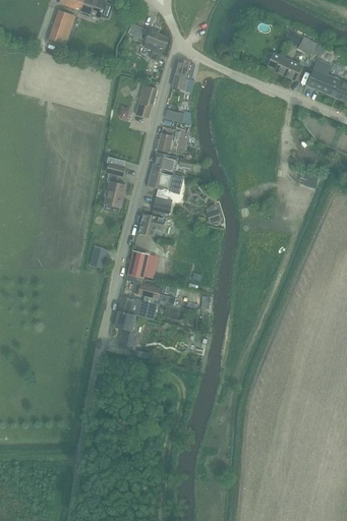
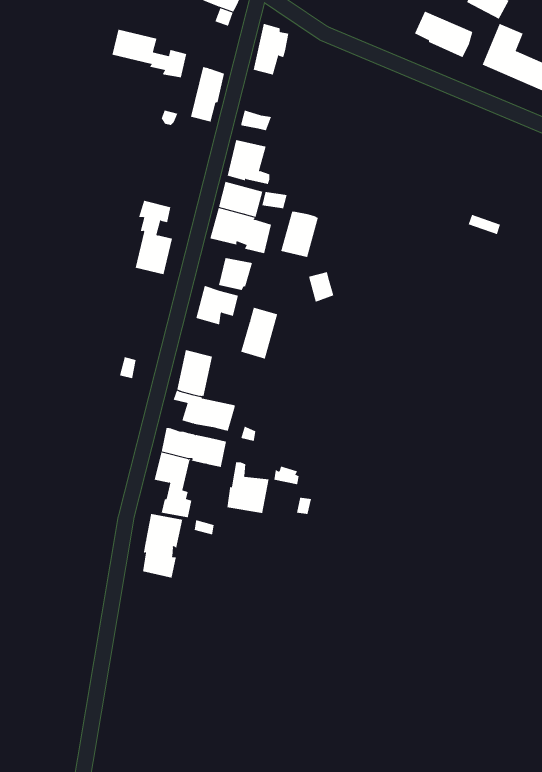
building: none -> [112,29,187,78]
building: none -> [281,211,319,258]
building: none -> [241,307,278,359]
building: none -> [227,461,269,514]
building: none -> [142,513,183,579]

